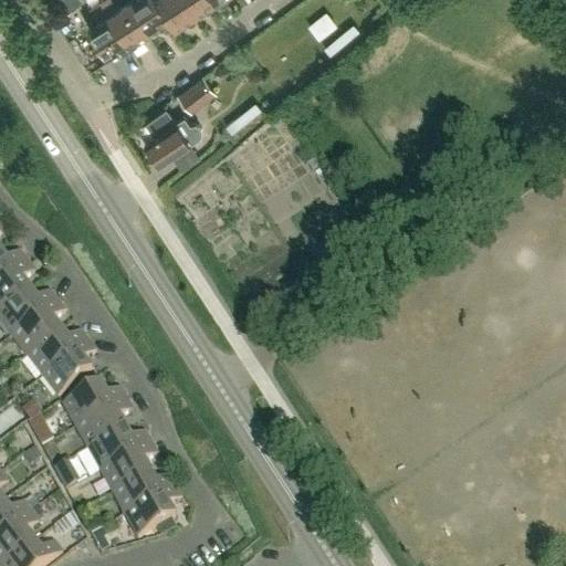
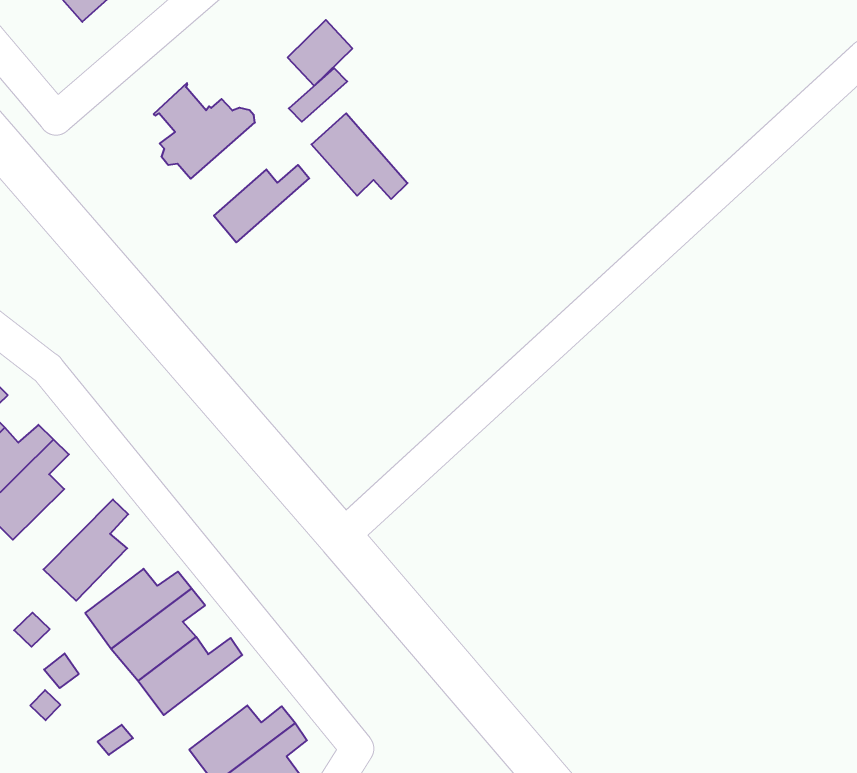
building: [178,73,217,111] -> [288,20,352,86]
building: none -> [311,113,408,199]
building: none -> [214,165,309,242]
building: [27,329,88,375] -> none
building: [101,441,158,492] -> none

